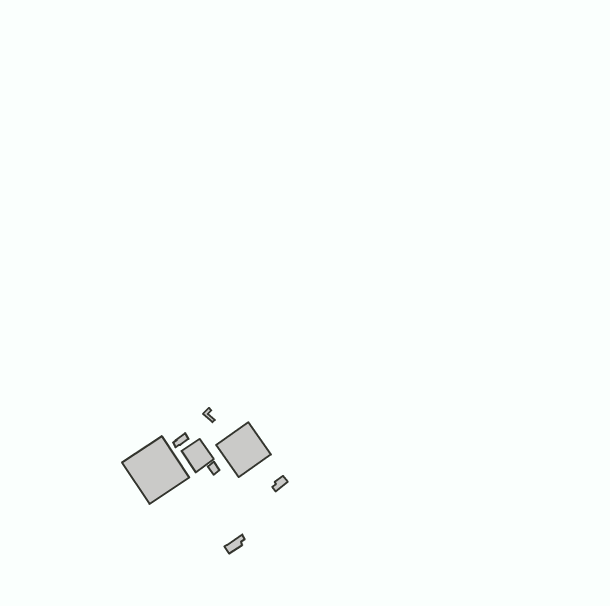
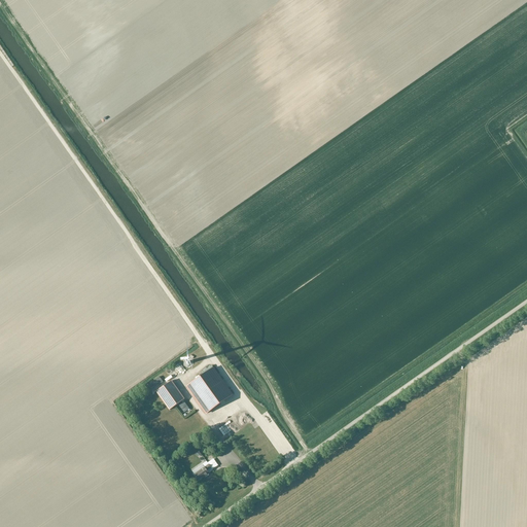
building: [122,436,189,504] -> none

